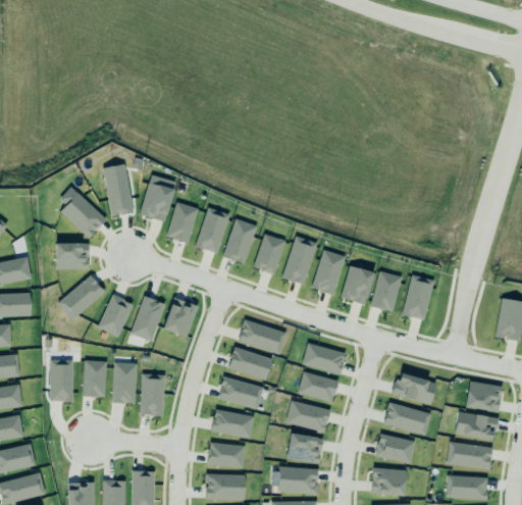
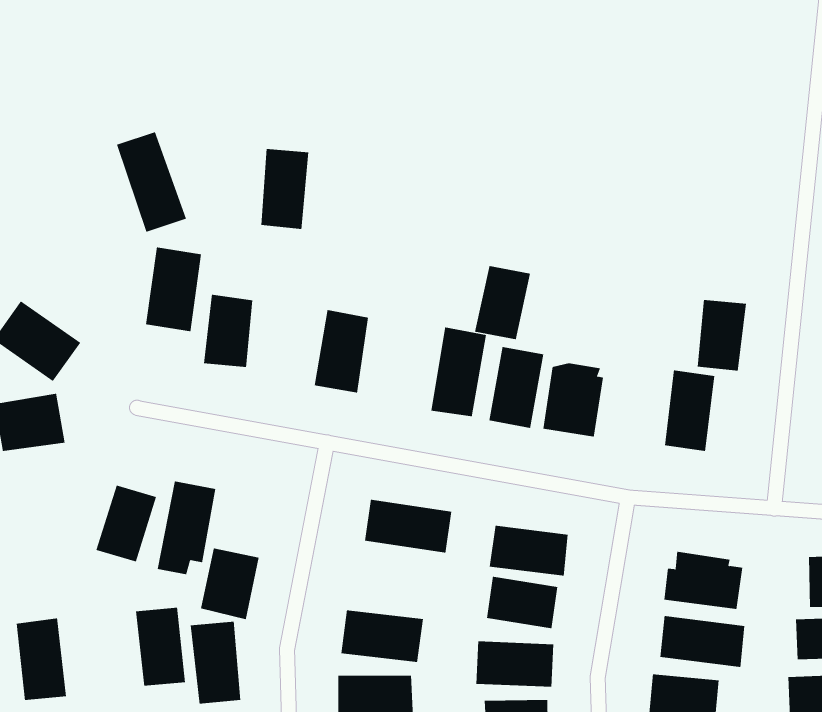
building: [103,164,135,216] -> [116,131,187,232]
building: [198,208,228,253] -> [261,148,309,229]
building: [253,234,286,274] -> [474,266,531,340]
building: [371,271,402,311] -> [697,300,747,371]
building: [57,276,106,319] -> none
building: [163,298,198,338] -> [200,548,260,620]
building: [228,347,272,380] -> none
building: [84,360,107,397] -> none

